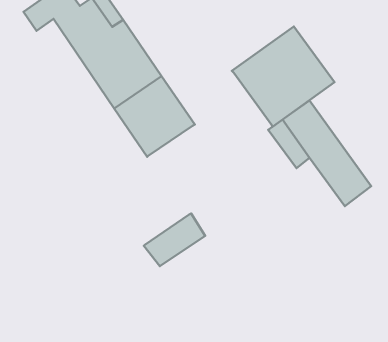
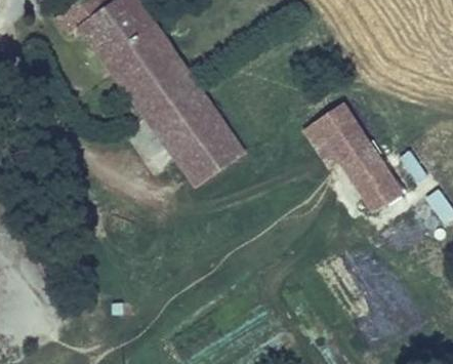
building: [232,26,334,127] -> none
building: [144,214,205,266] -> [178,128,241,181]

